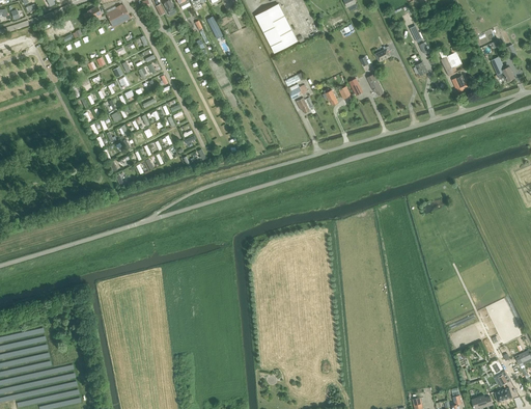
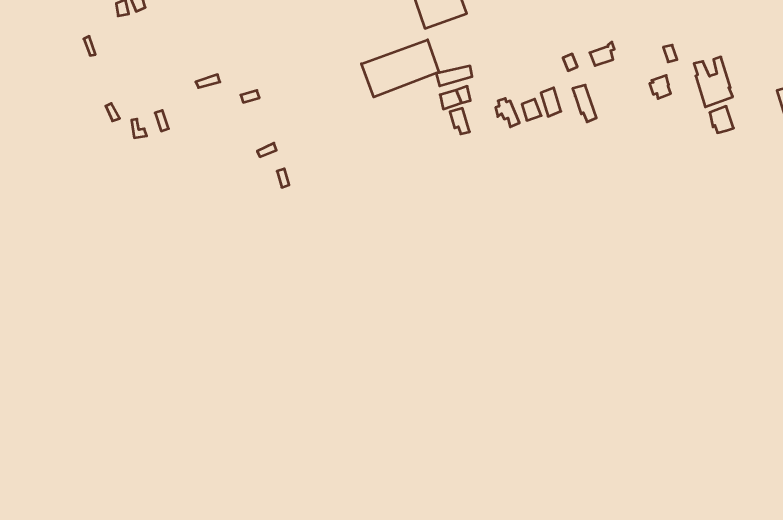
building: none -> [361,40,439,97]

